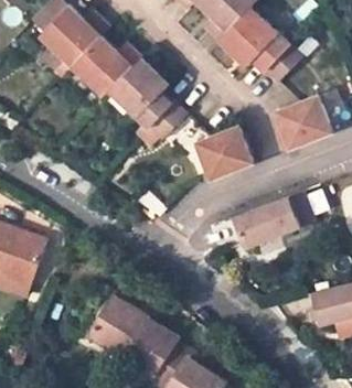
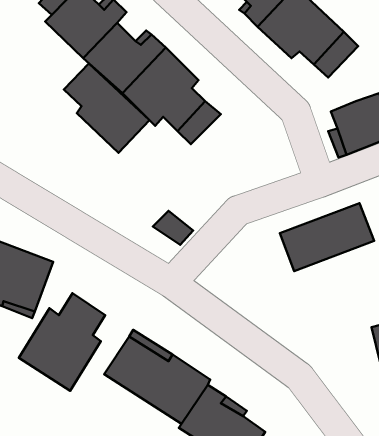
building: none -> [64,64,149,153]
building: [200,128,252,180] -> none
building: none -> [19,293,105,391]

